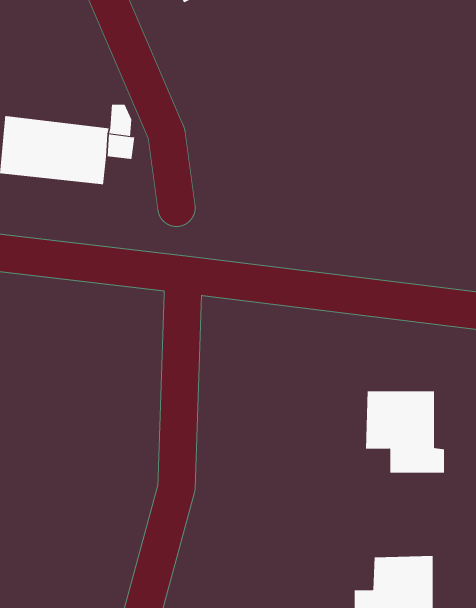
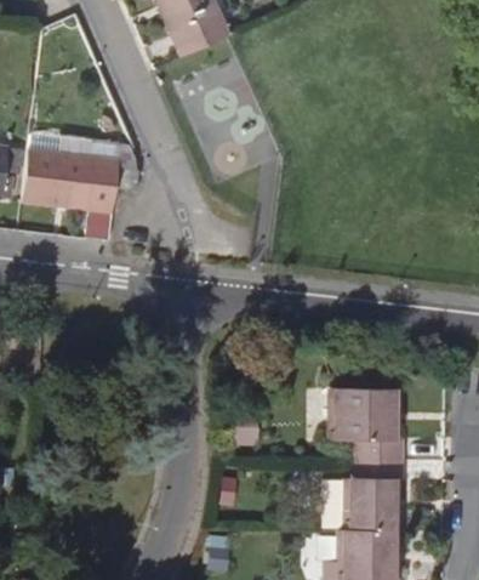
building: none -> [332,457,404,529]

